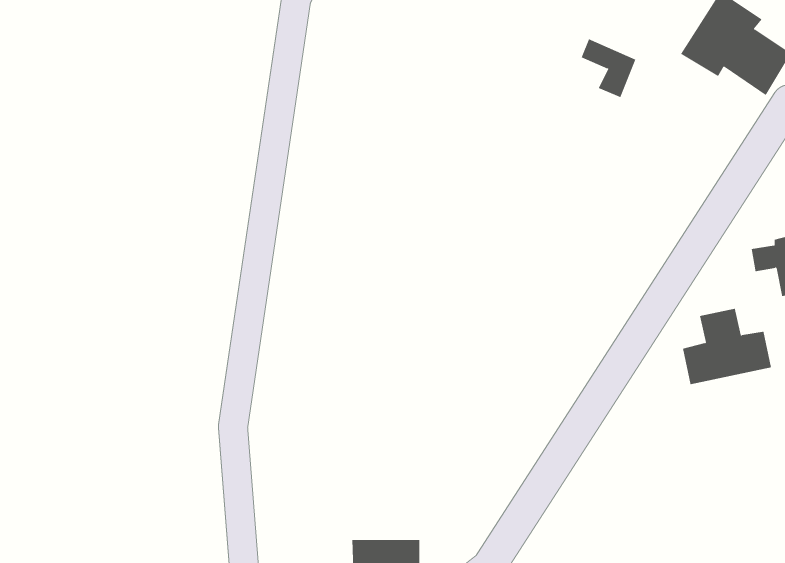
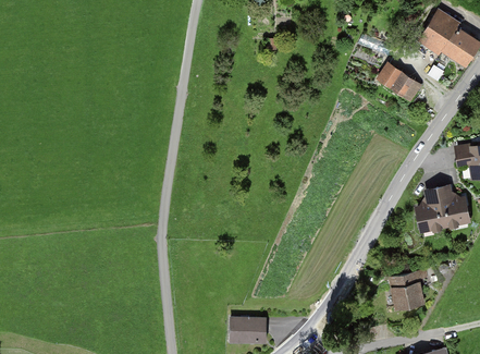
building: none -> [377,62,421,100]
building: none -> [387,273,422,313]

